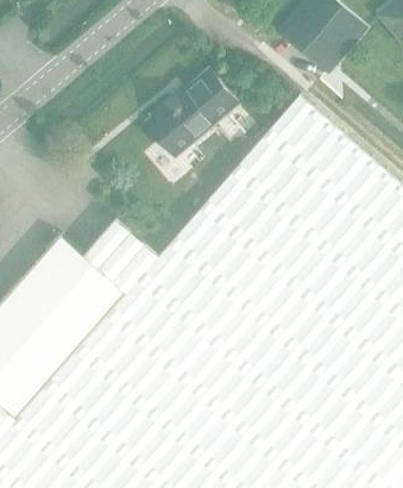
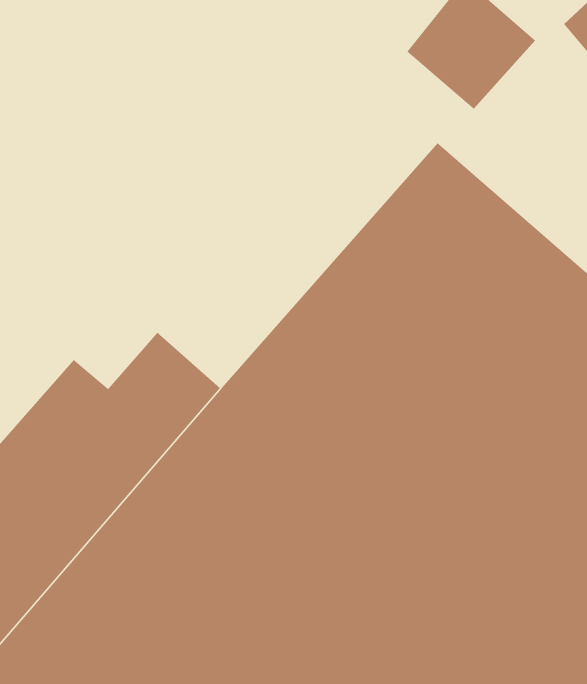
building: [147,69,239,156] -> none

